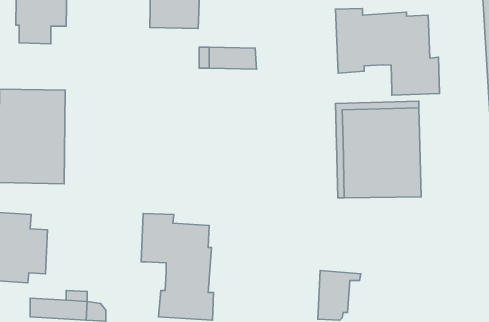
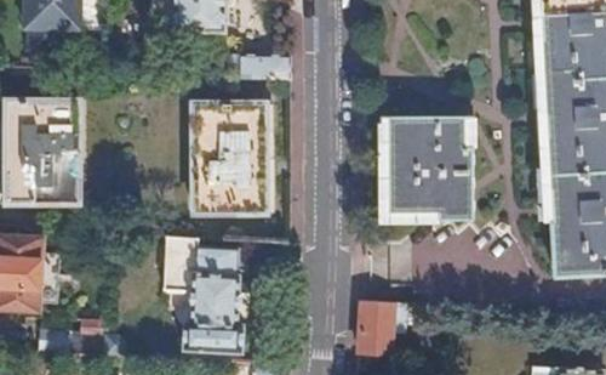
building: [336,9,439,95] -> none
building: none -> [193,102,267,214]

